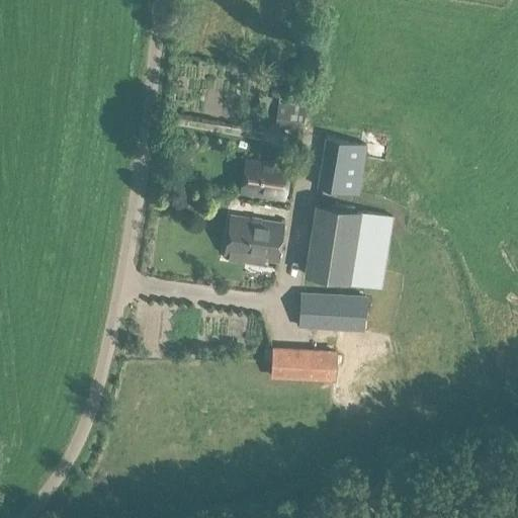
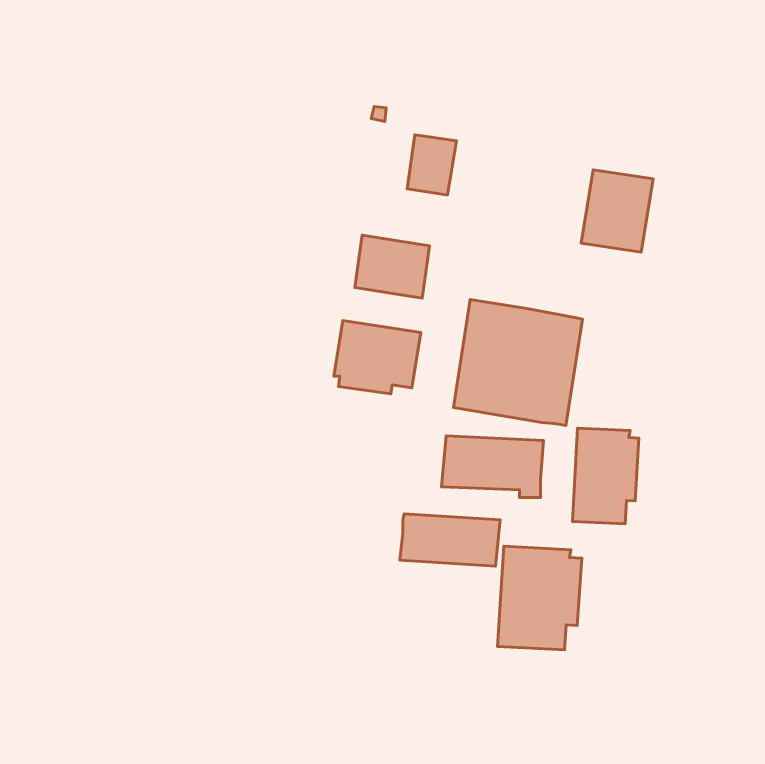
building: [317,139,365,194] -> [581,170,653,252]
building: none -> [573,428,639,524]
building: none -> [498,546,582,650]

